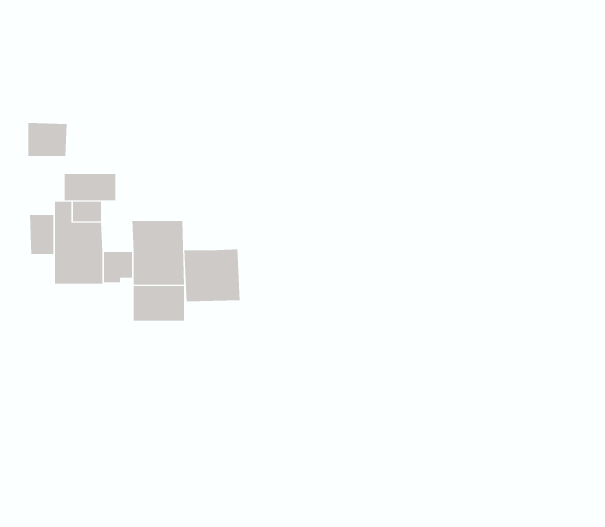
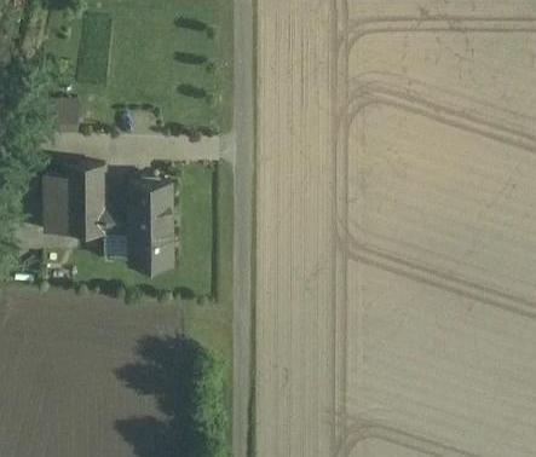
building: [64,173,116,201] -> none
building: [184,248,240,302] -> none

